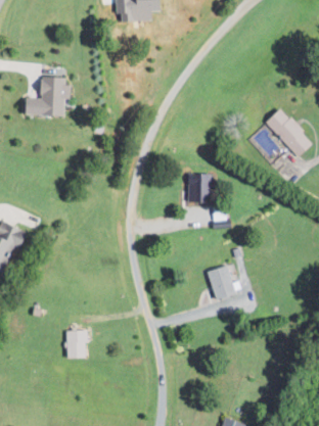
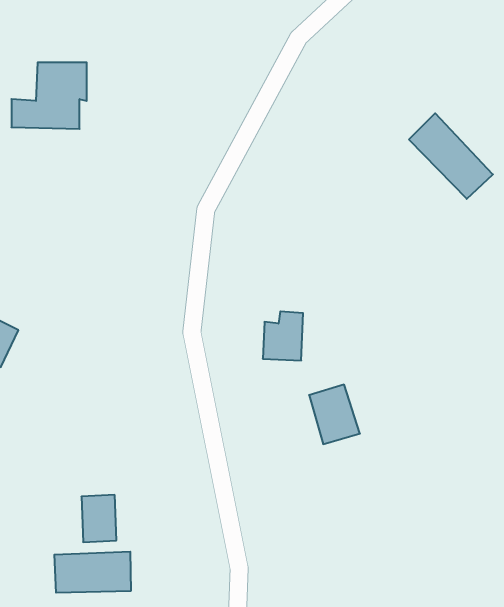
building: [182,174,206,202] -> [263,311,303,360]
building: none -> [54,552,131,593]

